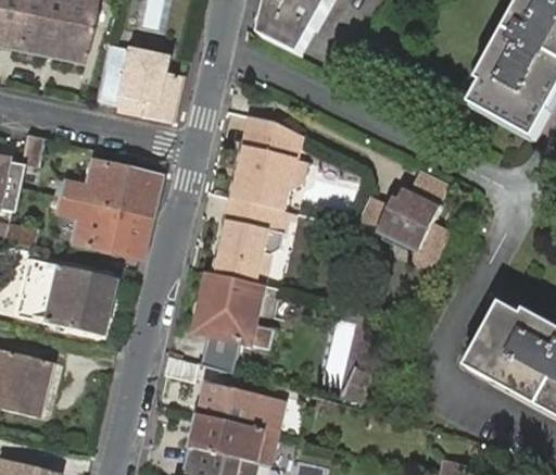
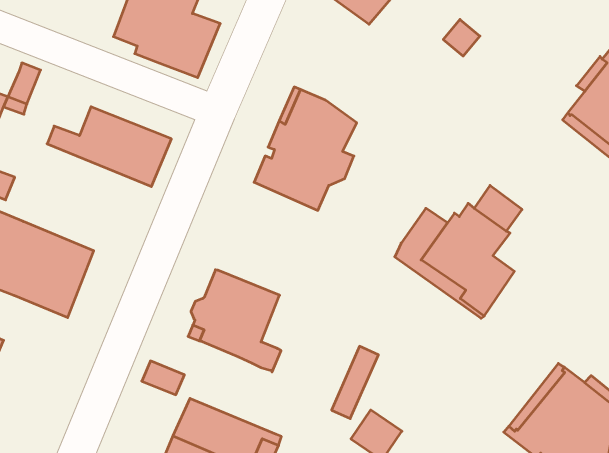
building: [54,195,148,255] -> none
building: [213,198,292,286] -> none
building: [202,334,241,373] -> none

